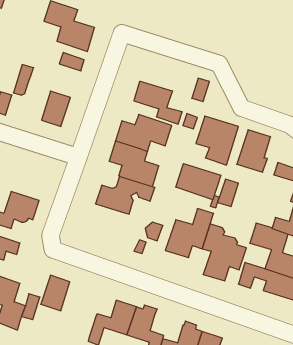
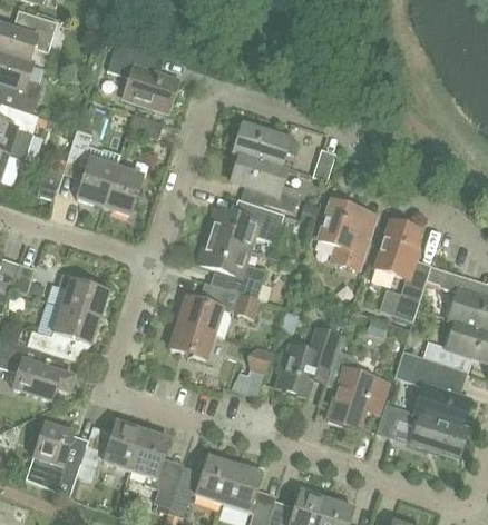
building: none -> [233,122,296,165]
building: none -> [75,148,119,206]
building: [176,164,221,200] -> none
building: none -> [57,273,107,317]
building: [218,179,238,207] -> [393,281,422,319]
building: none -> [168,321,213,358]
building: none -> [129,429,178,507]

